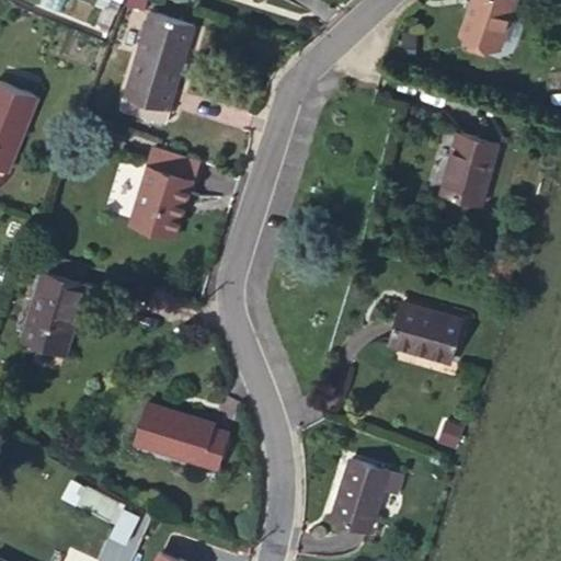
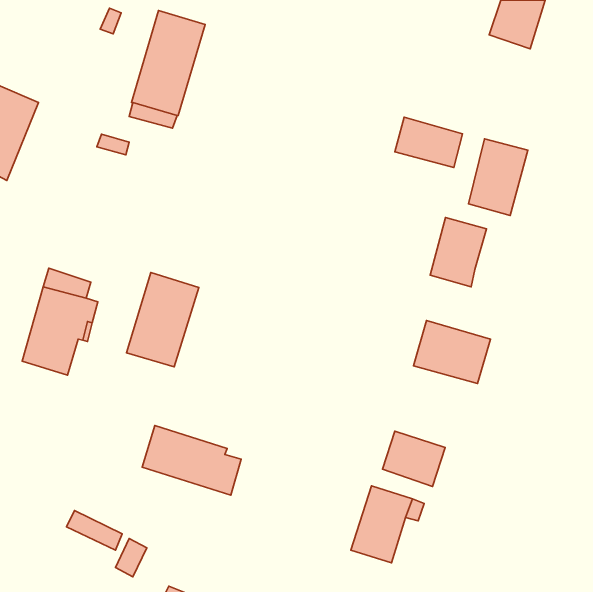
building: none -> [395,117,463,167]
building: [129,149,197,238] -> [127,272,199,367]
building: none -> [430,217,487,287]
building: none -> [383,431,445,487]

